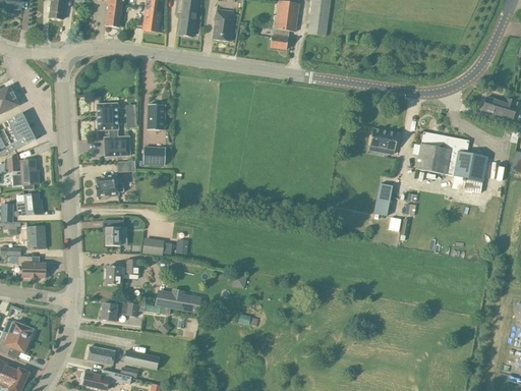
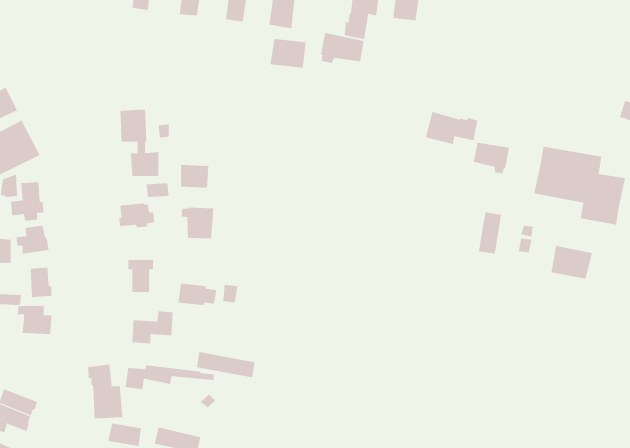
building: none -> [320,32,364,64]
building: none -> [270,38,306,69]
building: [148,104,166,130] -> none
building: none -> [425,111,478,145]
building: none -> [181,207,214,239]
building: none -> [551,245,593,280]
building: none -> [88,364,123,419]

